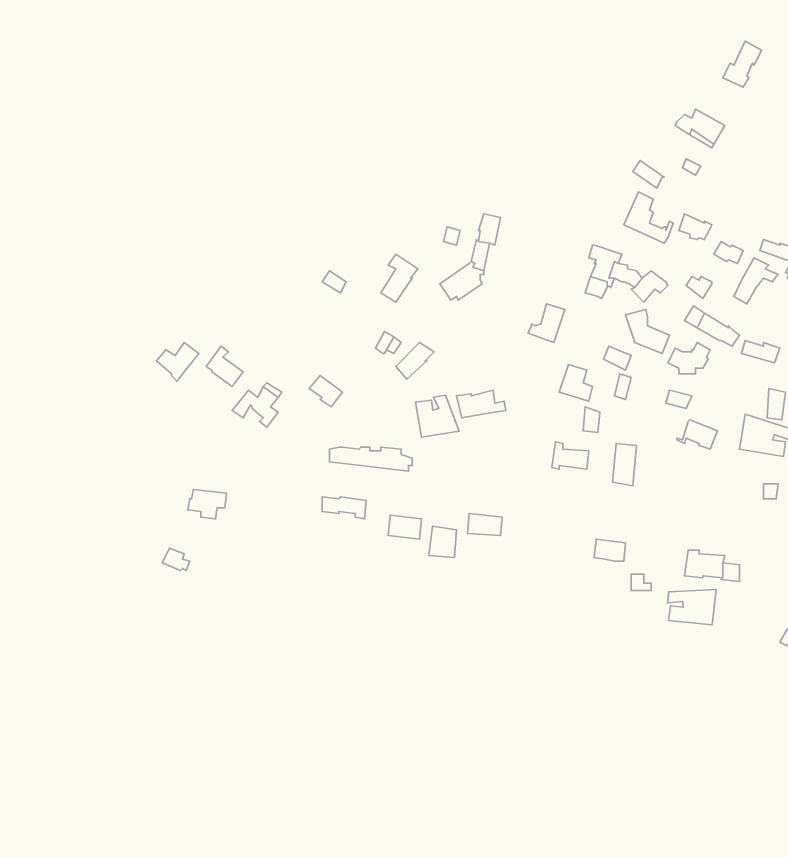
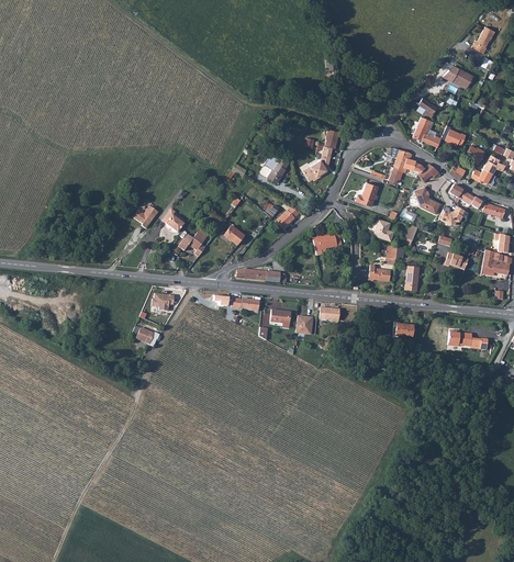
building: [416,395,459,437] -> none
building: [668,589,716,625] -> none

